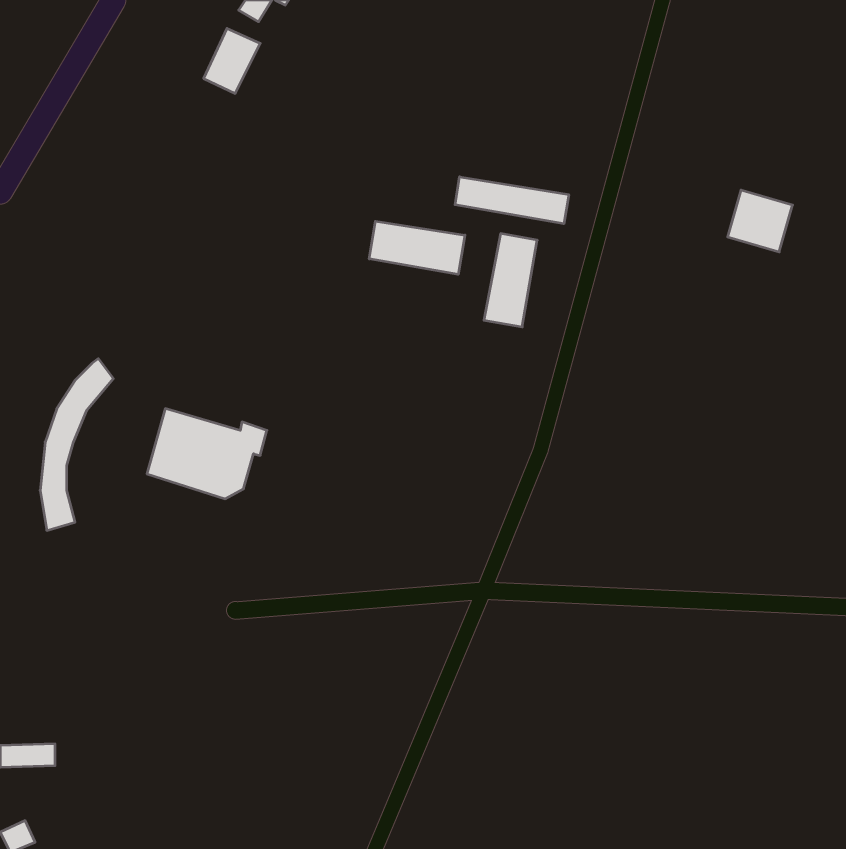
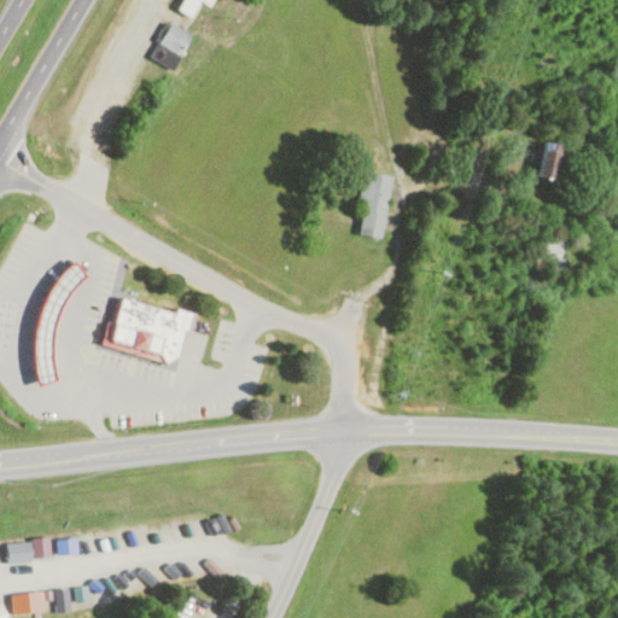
building: [455,177,569,224] -> none
building: [369,221,465,274] -> none

